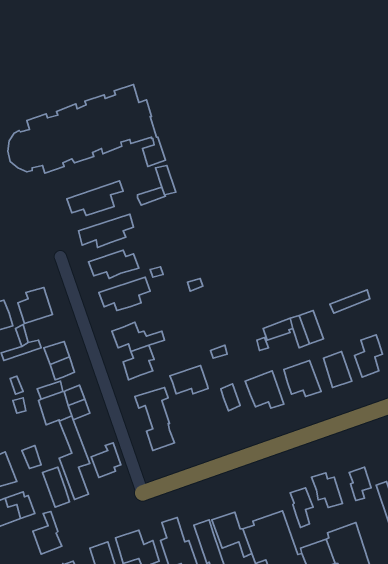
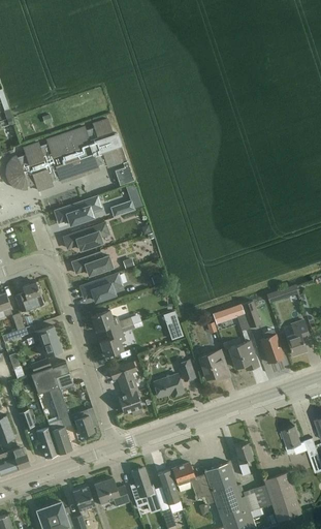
building: [170,365,208,394] -> [153,374,184,397]
building: [311,473,342,508] -> none
building: [33,512,62,554] -> none

